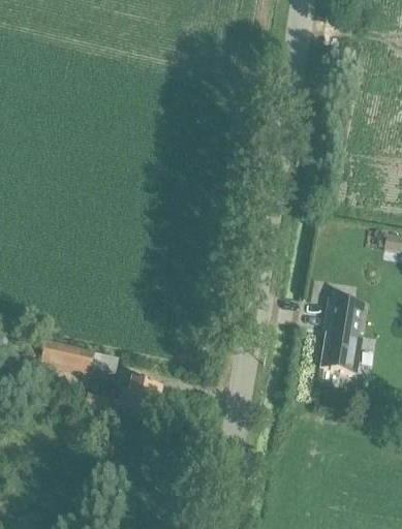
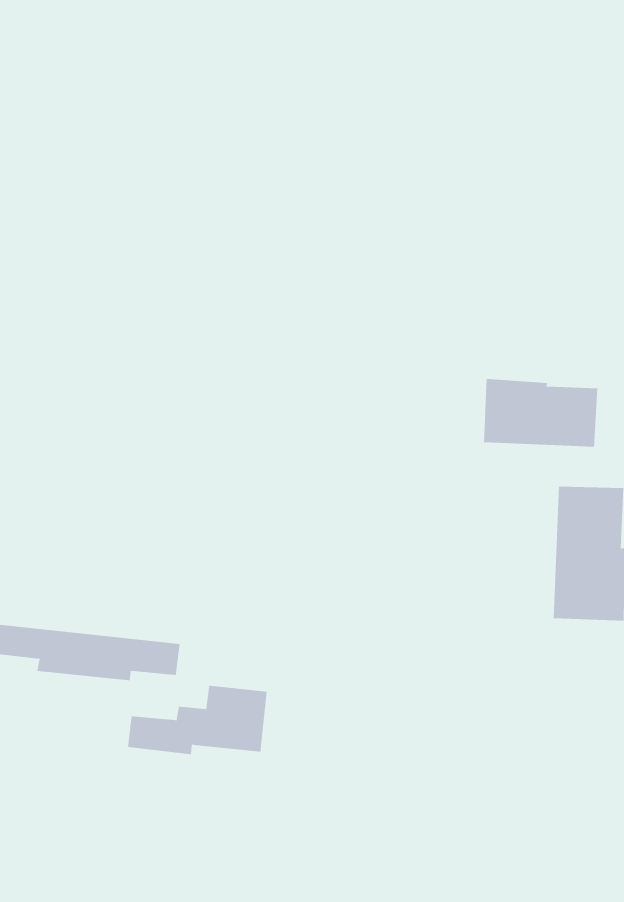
building: none -> [483,378,598,447]

